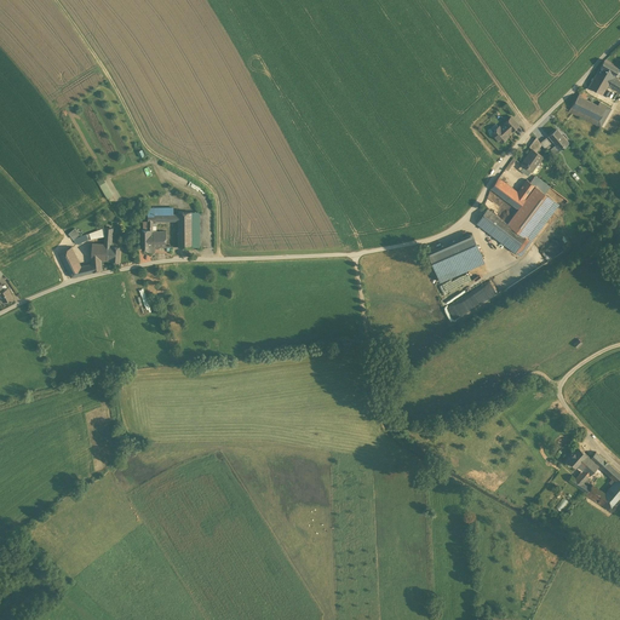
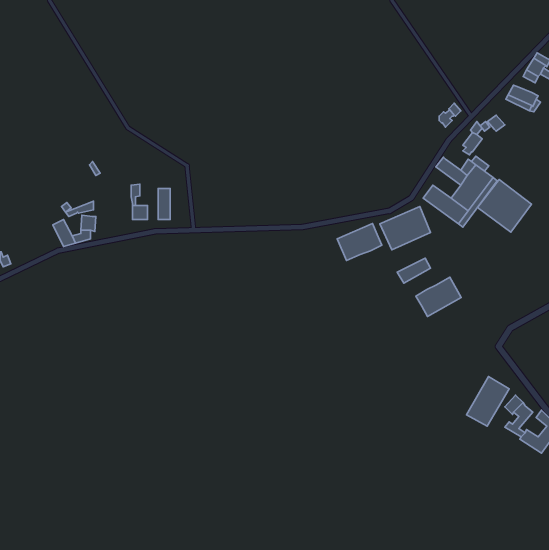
building: none -> [478,179,531,232]
building: none -> [337,224,382,260]
building: none -> [416,277,461,316]
building: none -> [466,376,509,426]

